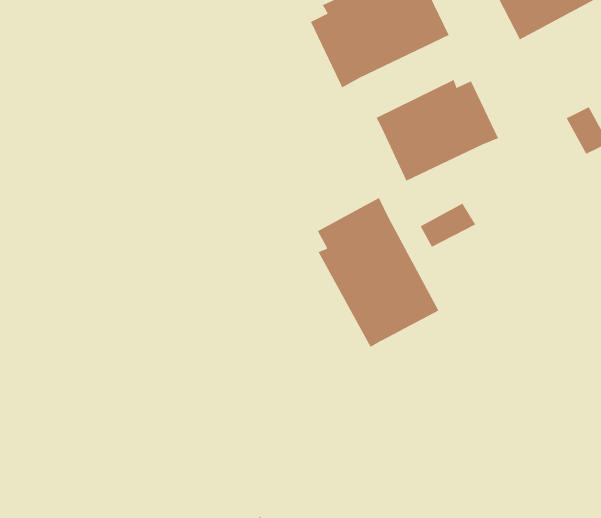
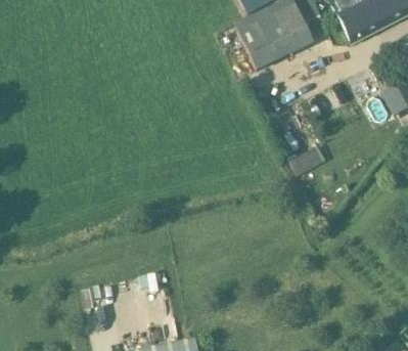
building: [376,79,499,181] -> none
building: [317,197,439,348] -> none

